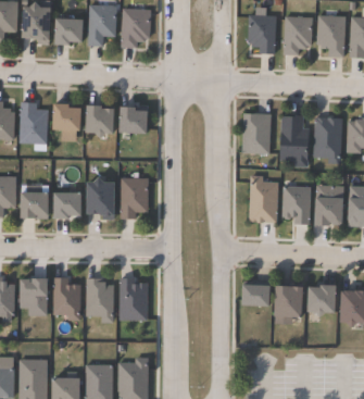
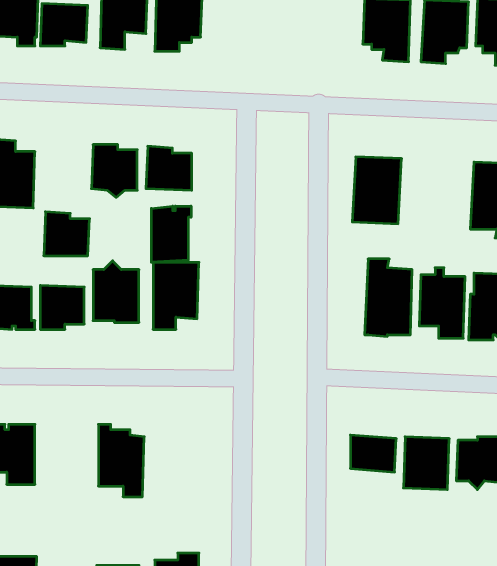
building: [49,102,77,129] -> [44,212,90,256]
building: [283,114,310,165] -> none
building: none -> [151,206,191,262]
building: [52,277,79,320] -> none
building: [118,277,147,320] -> none

